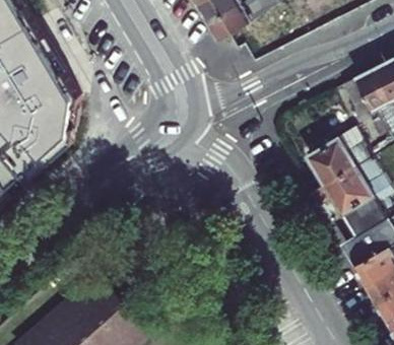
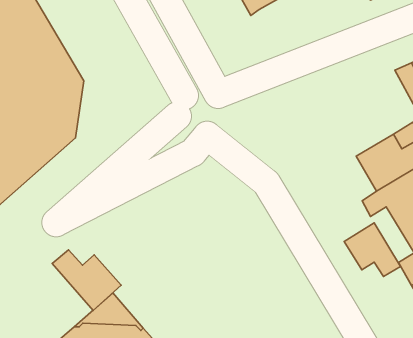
building: none -> [344,223,401,276]
building: none -> [52,250,121,310]

